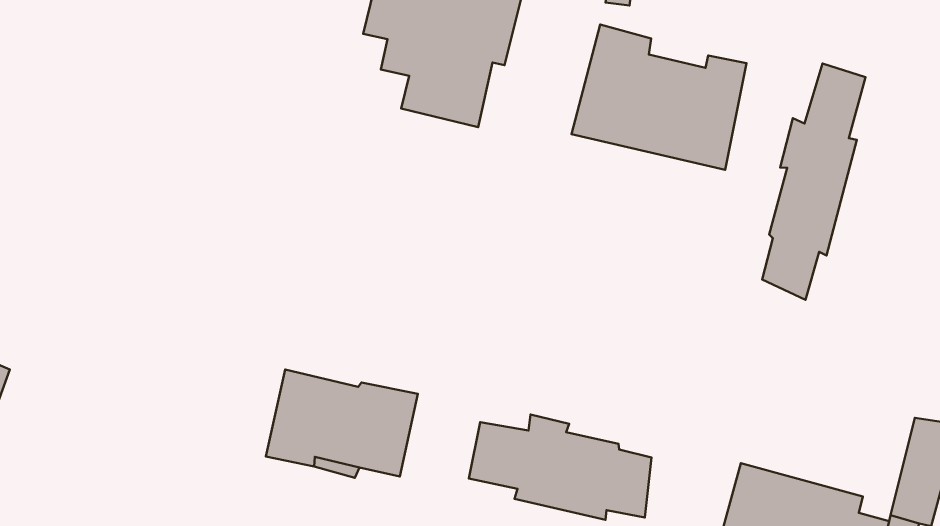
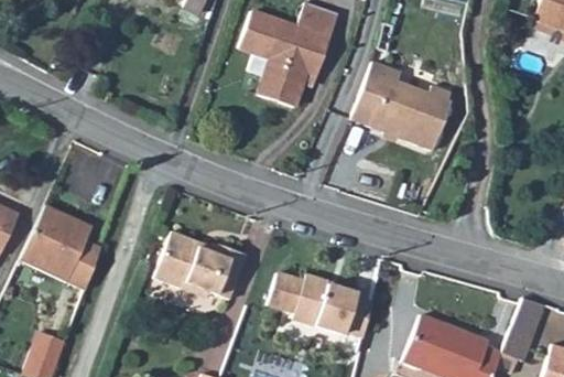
building: [762,63,866,300] -> none
building: none -> [21,206,102,291]

